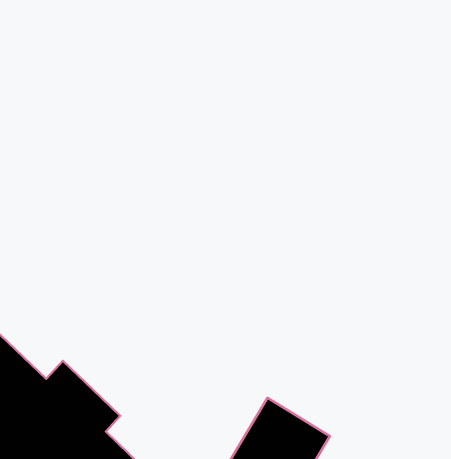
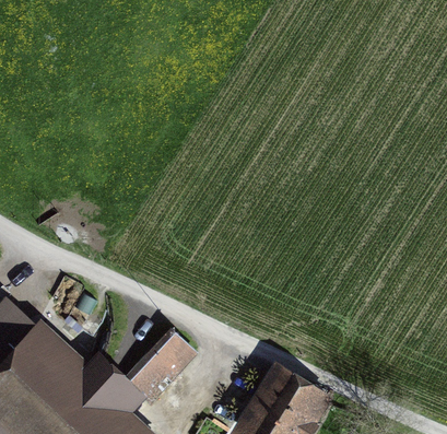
building: none -> [116,322,191,398]

